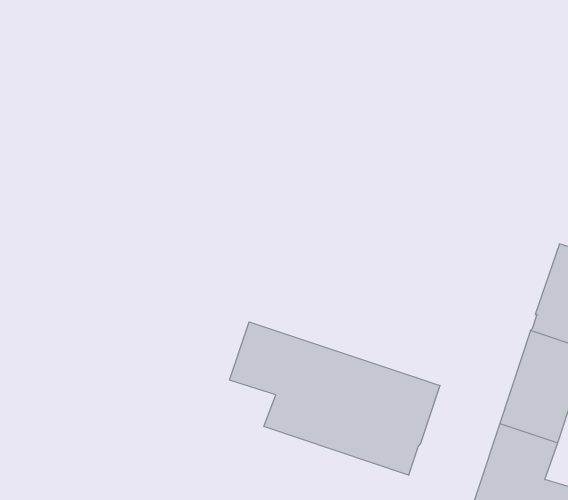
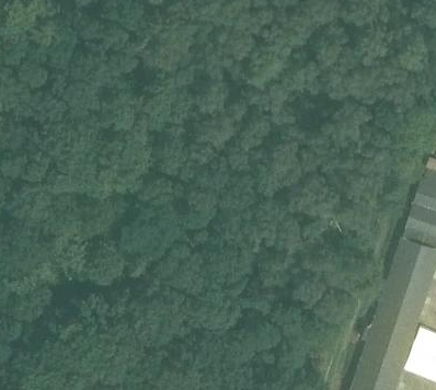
building: [230,322,440,475] -> none

